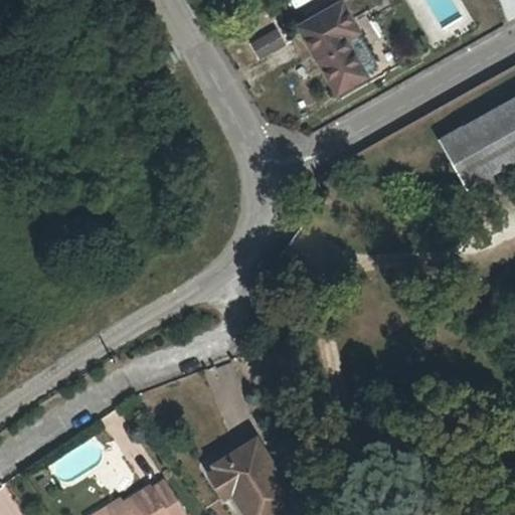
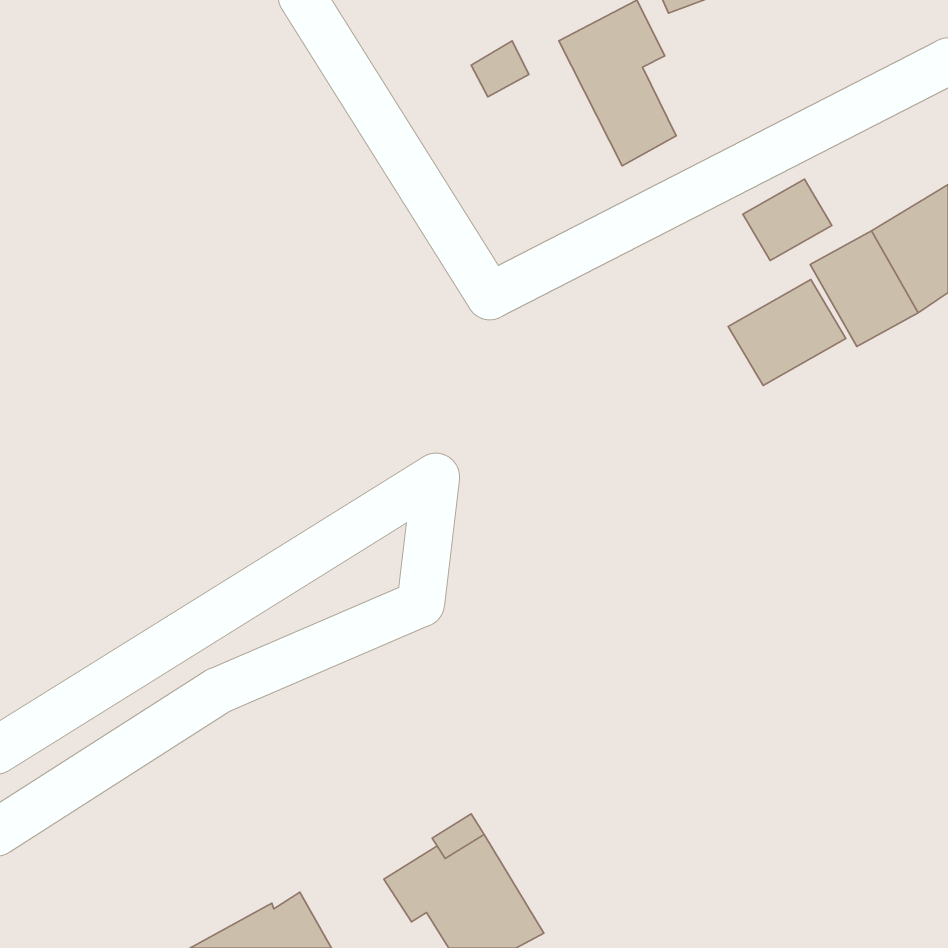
building: none -> [743,179,832,261]
building: none -> [728,280,846,385]

